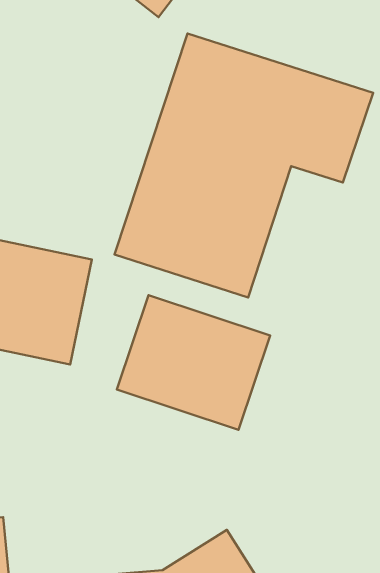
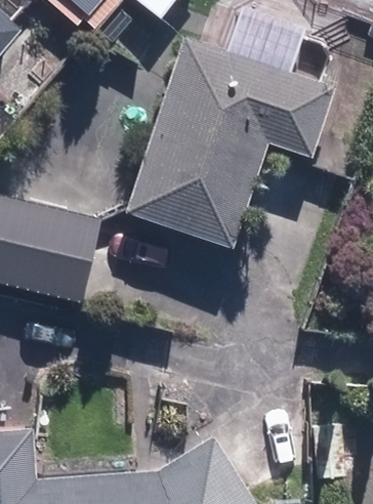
building: [117,295,270,430] -> none

